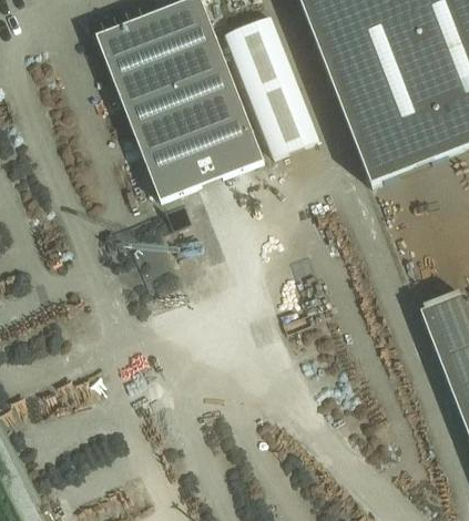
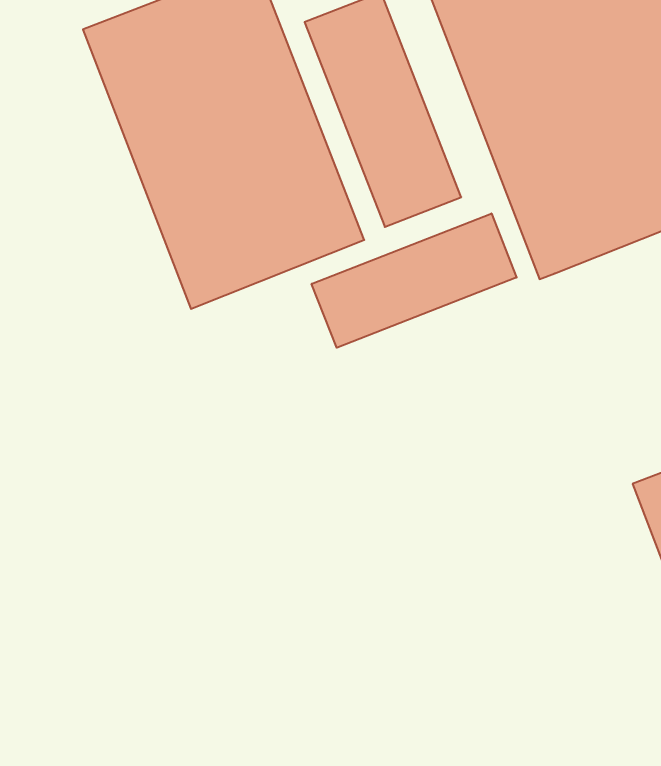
building: none -> [312,213,517,348]

